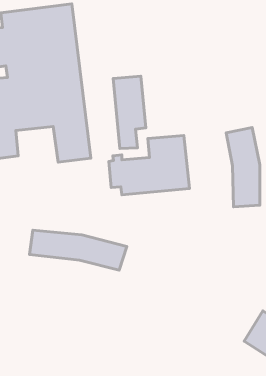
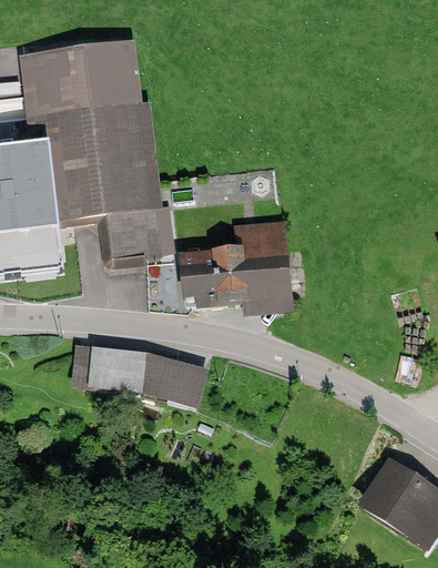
building: [113,76,146,148] -> none
building: [226,128,260,207] -> none

